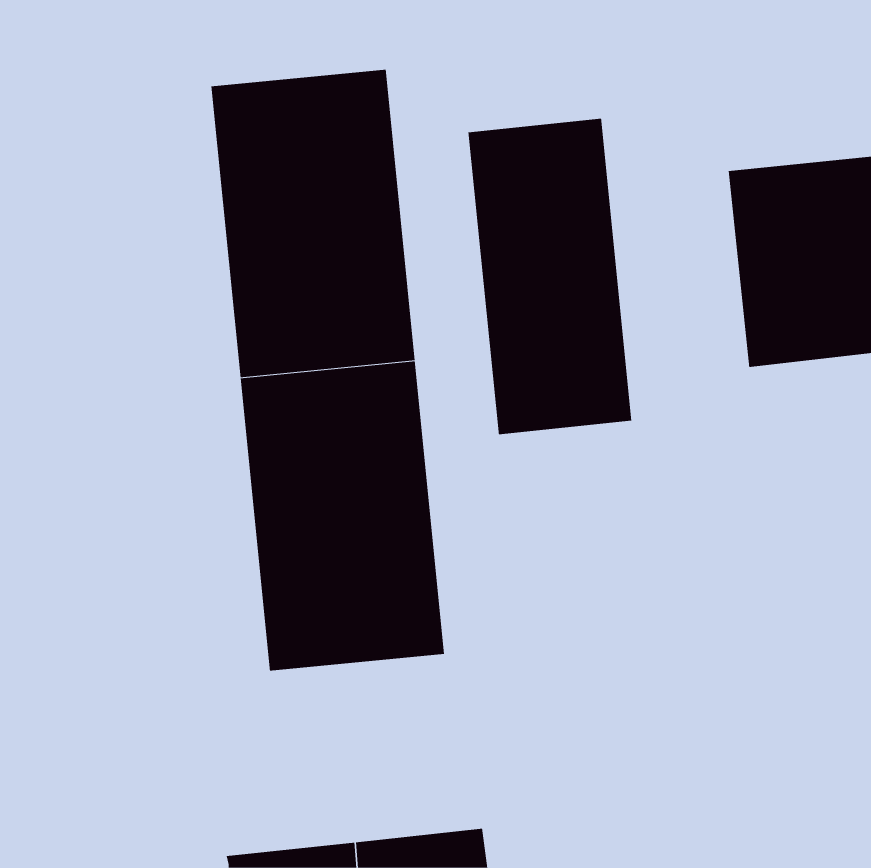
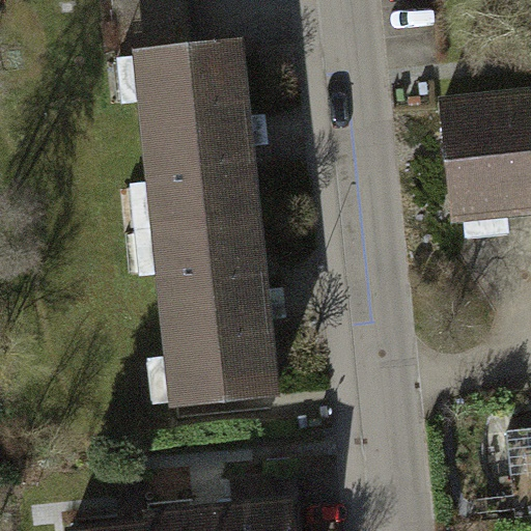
building: [468,118,632,435] -> none

